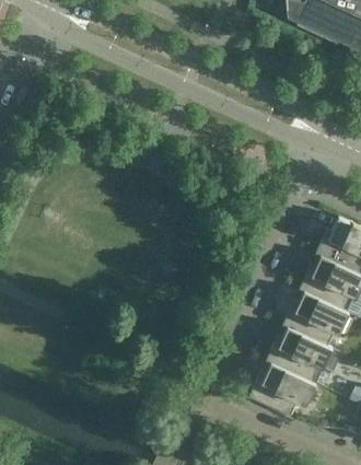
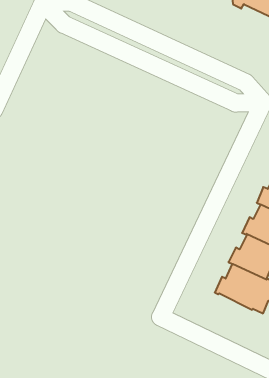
building: [249,363,316,417] -> none

